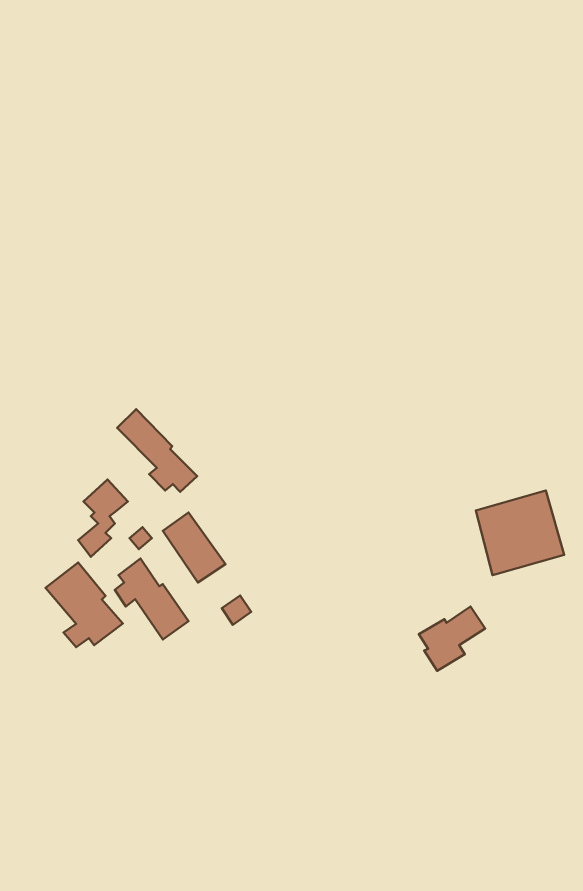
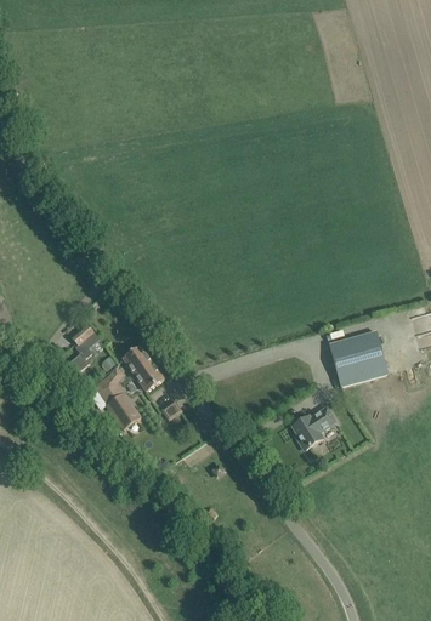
building: [117,409,197,492] -> none
building: [46,563,123,647] -> none

